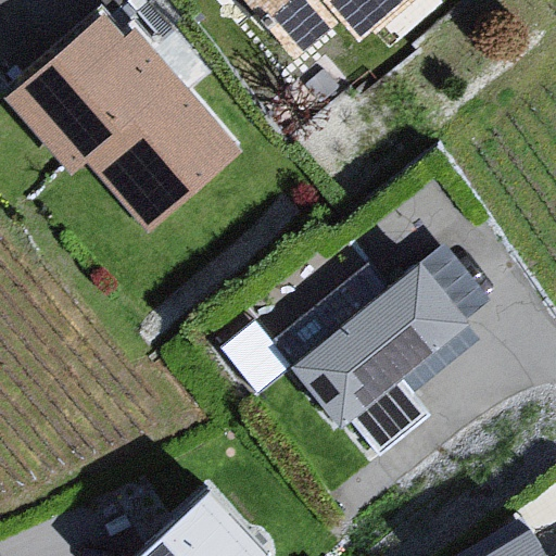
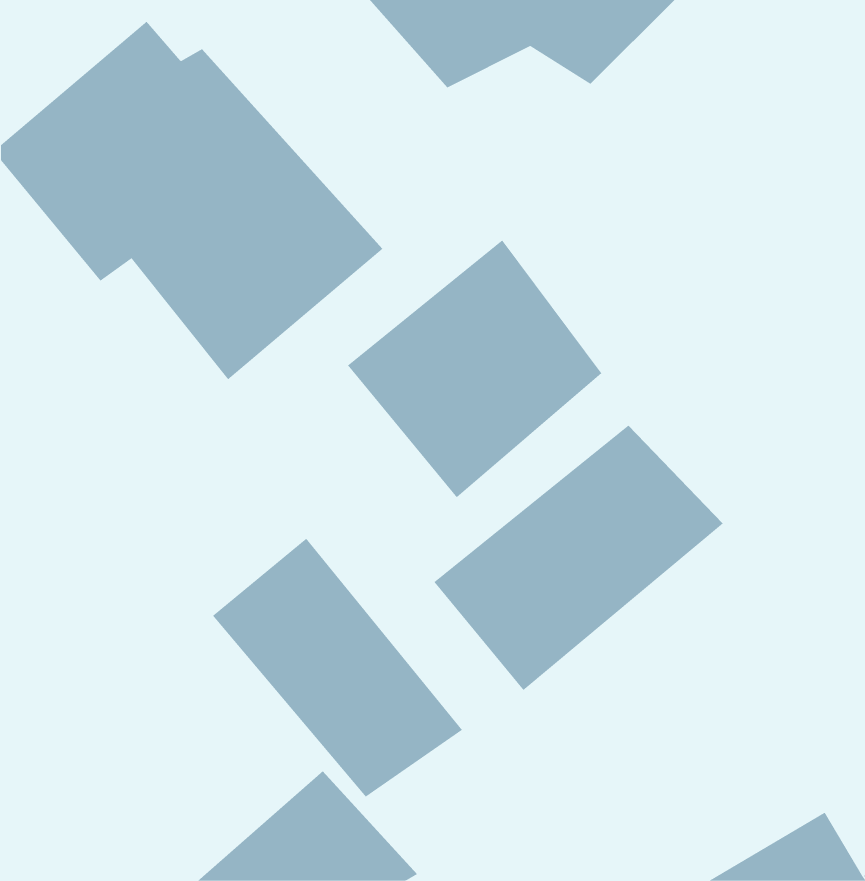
building: none -> [347,240,602,498]
building: none -> [212,538,463,797]

